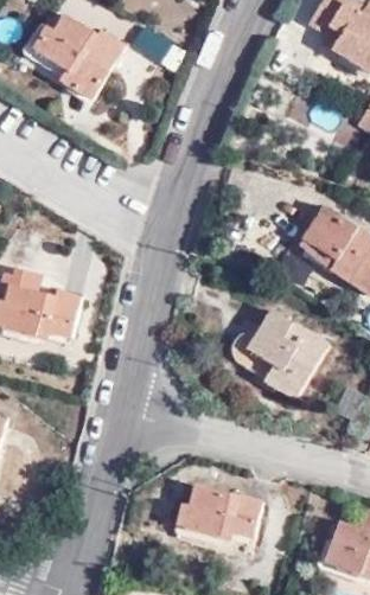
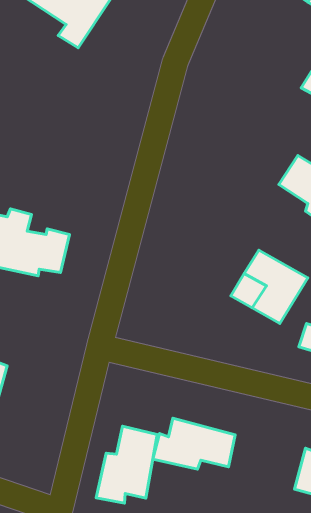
building: none -> [96,426,157,503]

